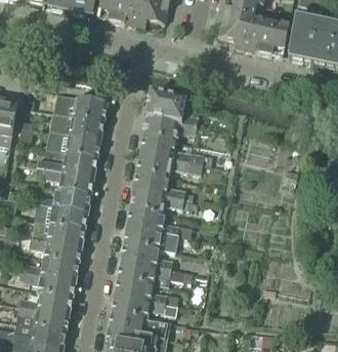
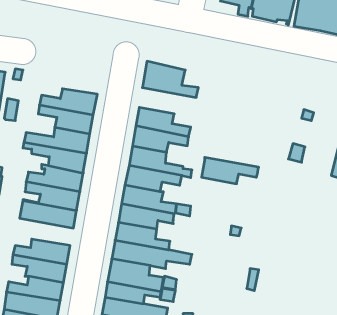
building: [53,92,108,121] -> none
building: [142,115,196,140] -> [202,157,259,184]
building: [29,237,81,263] -> none

